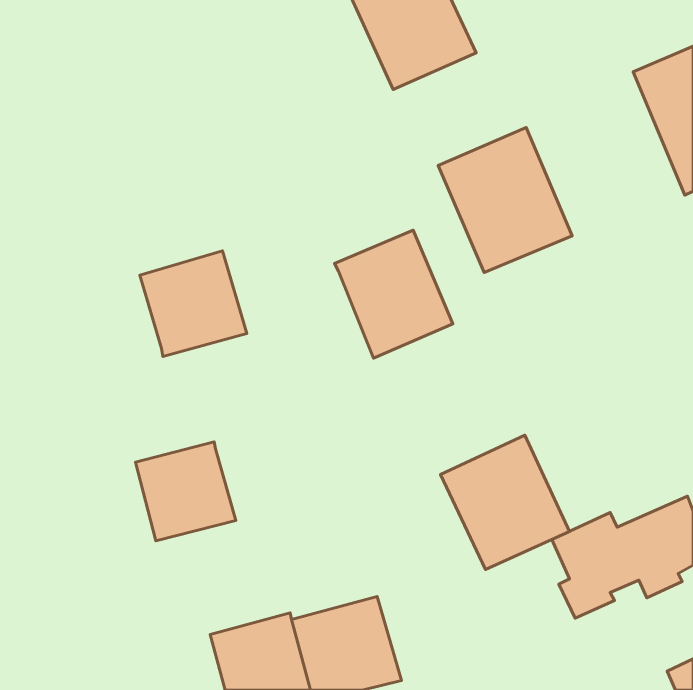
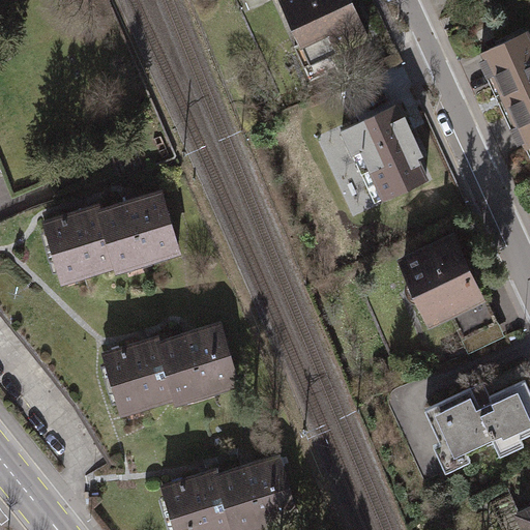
building: [335,230,453,358] -> none
building: none -> [43,205,123,284]
building: none -> [165,325,247,403]
building: [441,435,569,569] -> [385,231,483,333]

